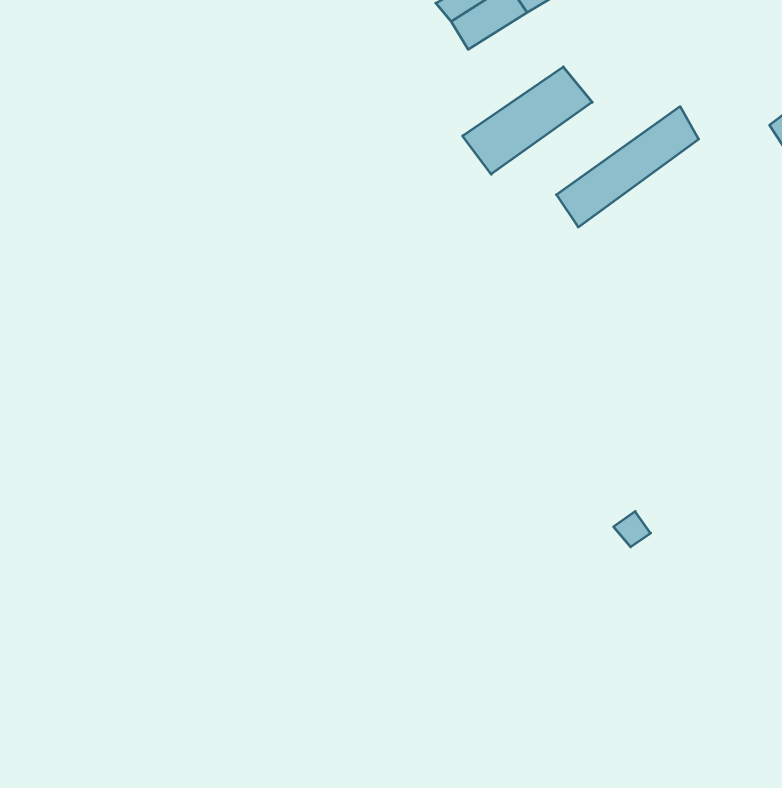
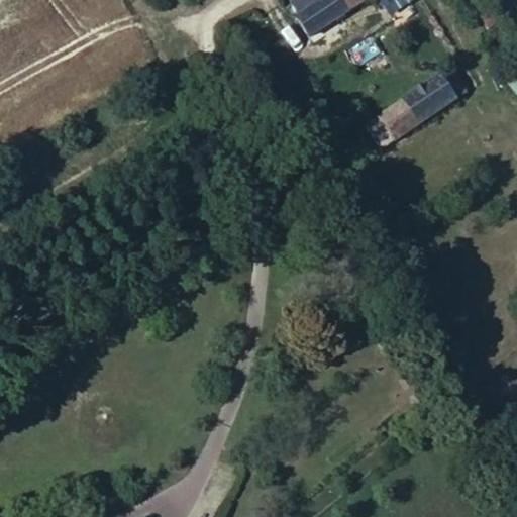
building: [463,67,592,174] -> none

